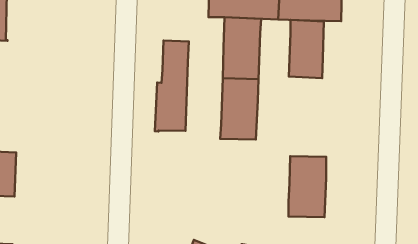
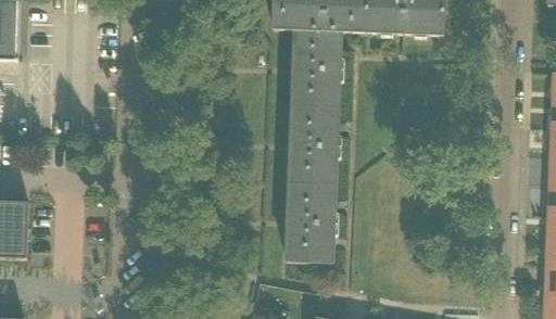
building: [289,20,324,78] -> none
building: [155,40,189,132] -> none
building: [289,156,326,217] -> [287,184,334,263]

